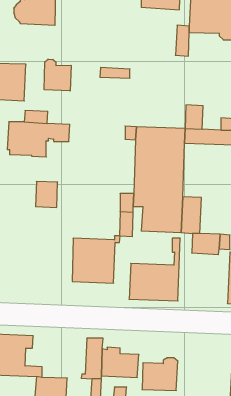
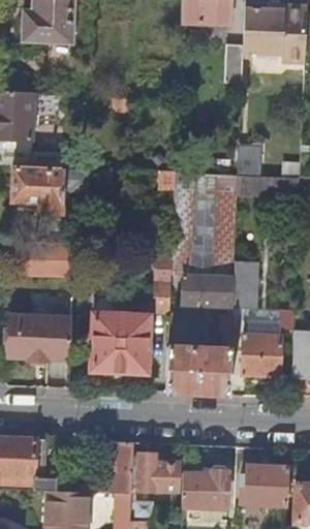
building: [44,59,71,91] -> none
building: none -> [9,316,72,362]
building: none -> [242,334,281,376]
building: none -> [240,465,288,508]

